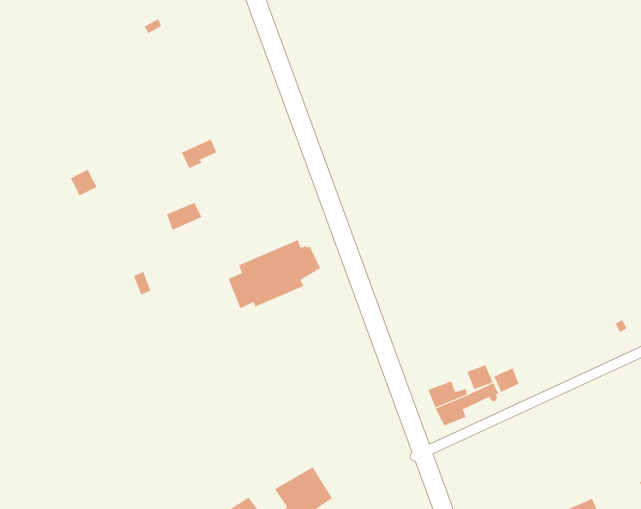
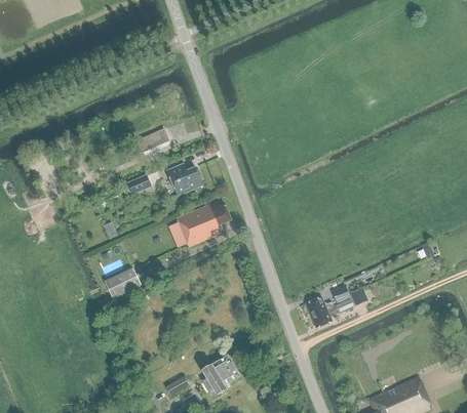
building: none -> [166,163,202,195]
building: none -> [104,266,141,298]

